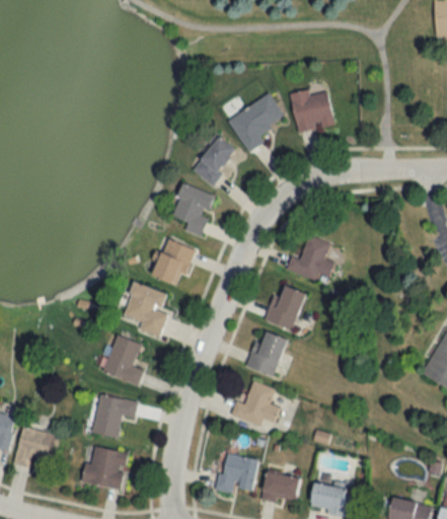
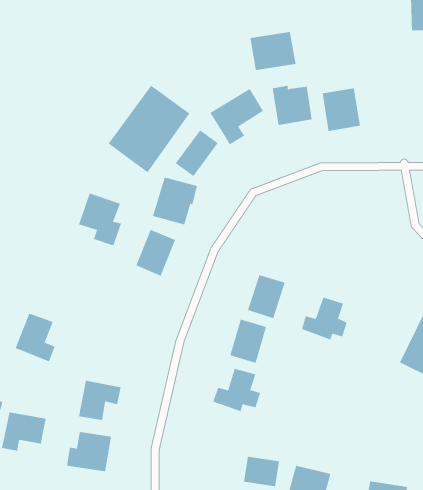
building: none -> [250,31,296,71]
building: none -> [108,85,190,173]
building: none -> [322,87,360,132]
building: [286,236,333,281] -> [301,297,348,340]
building: [123,282,167,337] -> [78,193,122,246]
building: [101,335,143,385] -> [15,313,55,362]
building: [217,452,257,493] -> none

